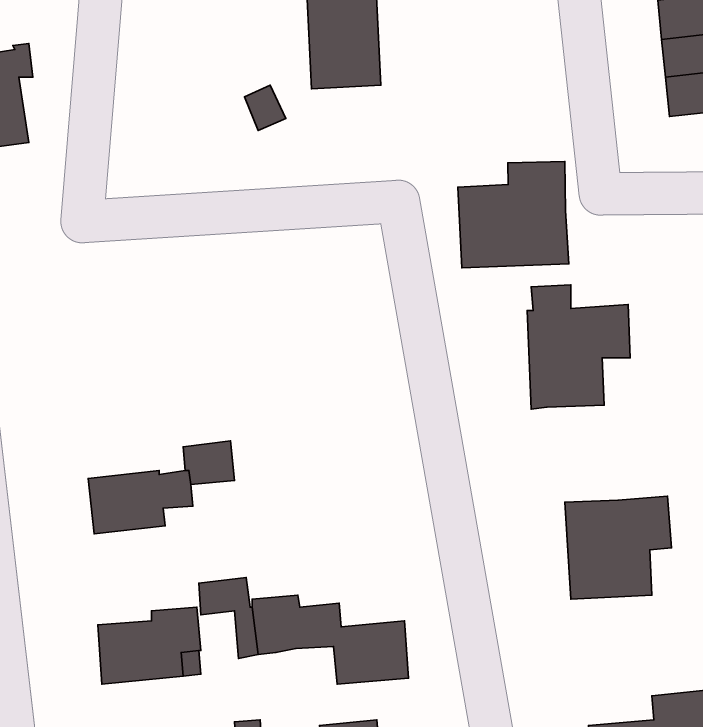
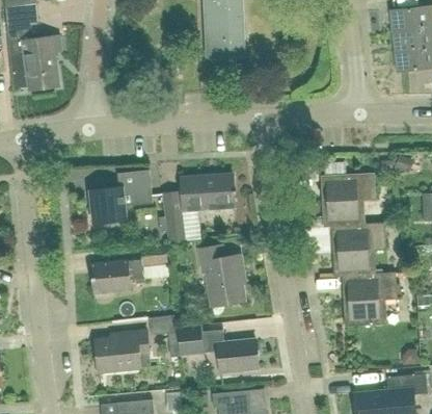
building: [458,162,569,268] -> none
building: none -> [90,169,152,223]
building: none -> [164,174,236,242]
building: none -> [331,223,386,275]
building: none -> [200,244,244,306]

